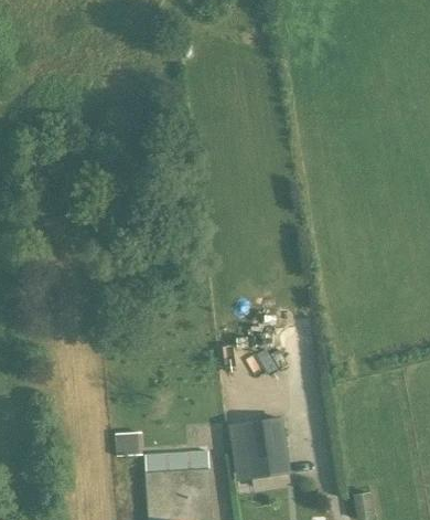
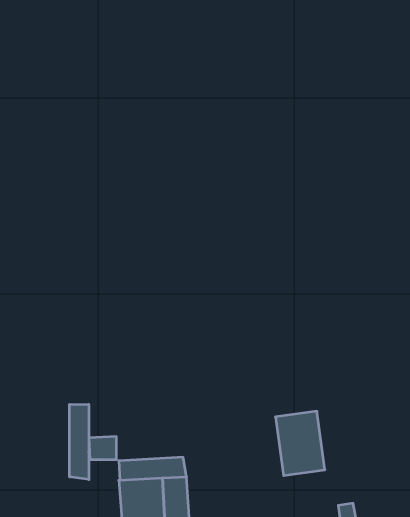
building: none -> [70,404,89,480]
building: [240,416,288,478] -> [275,411,325,476]

